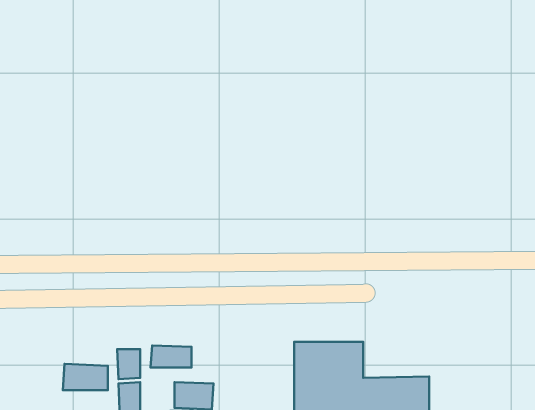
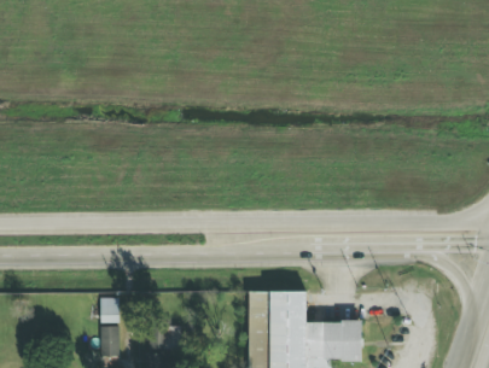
building: [151,345,192,367] -> none
building: [63,364,108,390] -> none

